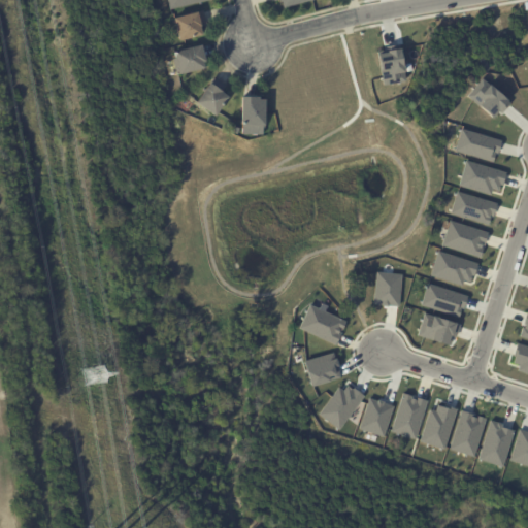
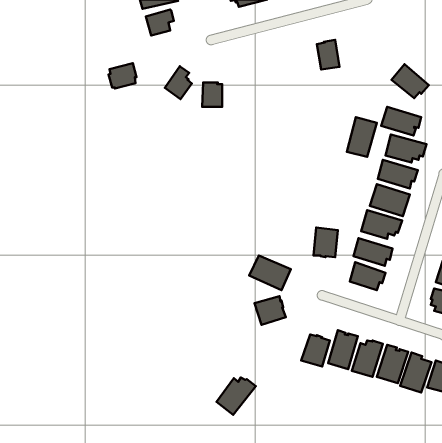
building: [174,46,207,76] -> [109,63,136,88]
building: none -> [347,117,377,157]
building: [319,385,365,429] -> [217,377,256,415]

